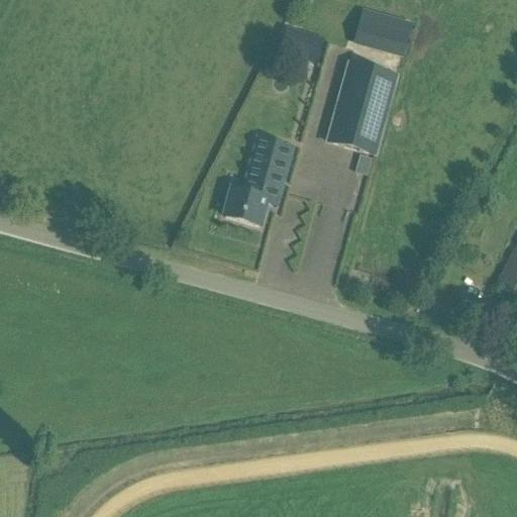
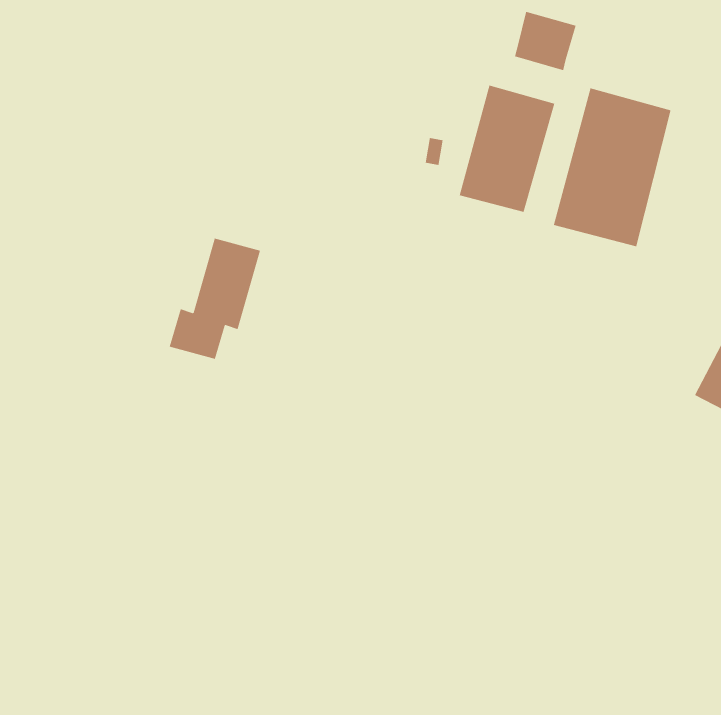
building: none -> [553,87,671,247]
building: [227,135,293,222] -> [169,238,261,359]

